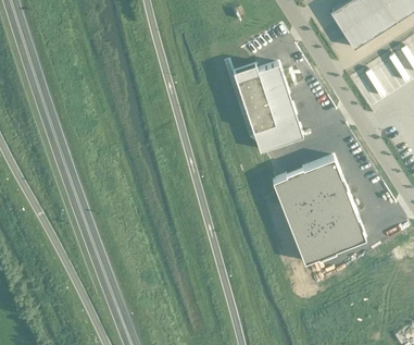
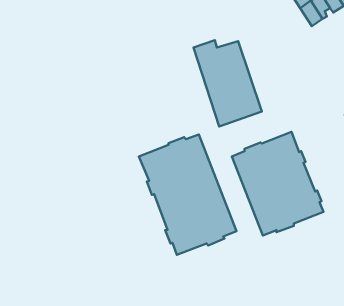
building: none -> [139,134,237,255]

